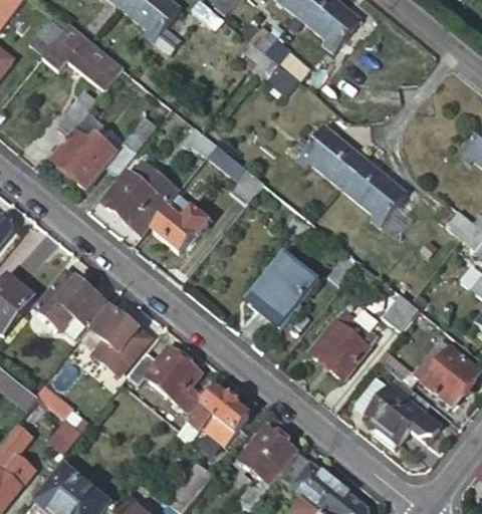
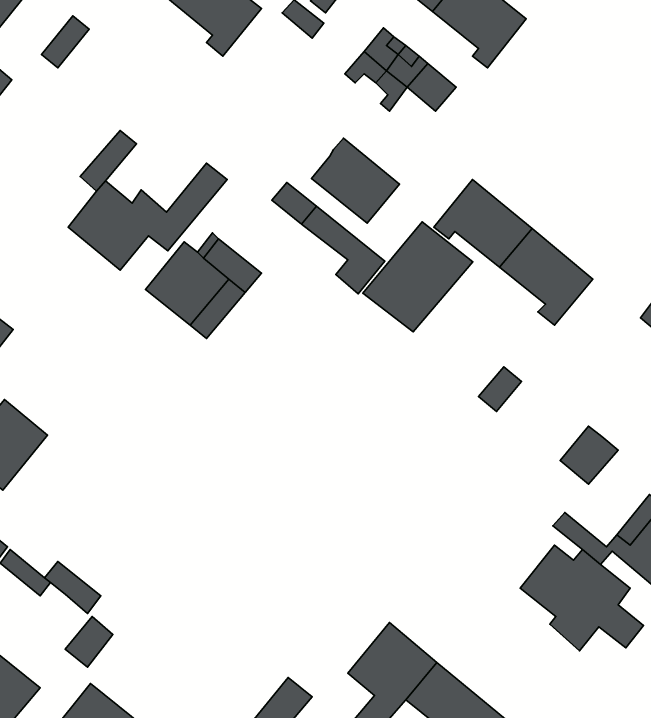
building: [42,25,125,91] -> none
building: none -> [312,138,400,223]
building: [154,198,209,251] -> none
building: [245,252,319,326] -> [363,222,473,332]
building: [38,272,105,334] -> none
building: [85,307,150,374] -> none
building: [309,309,376,377] -> none
building: [128,346,203,412] -> none
building: [180,388,250,445] -> none

